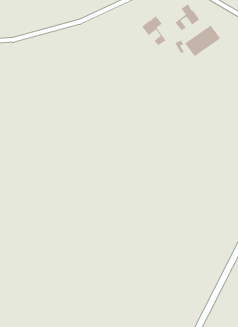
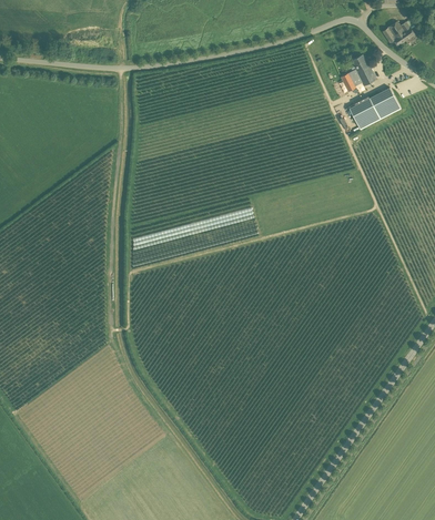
building: [141,15,167,46] -> none

